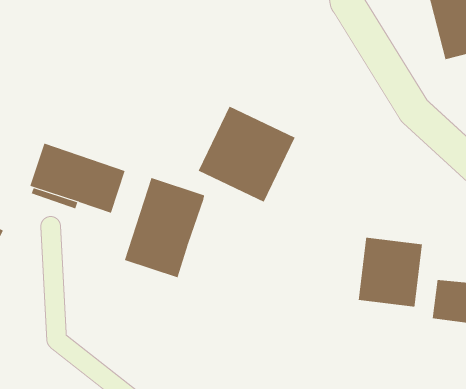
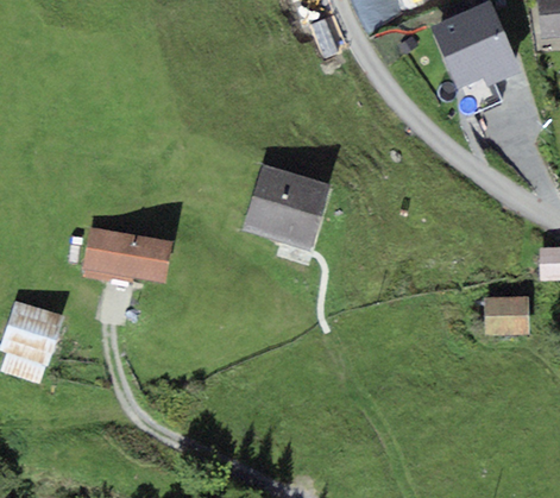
building: [124,177,205,278] -> none
building: [358,237,423,308] -> none

